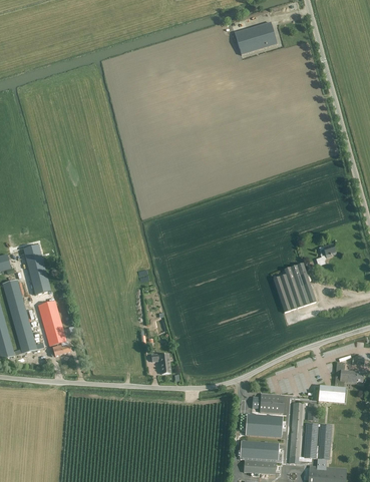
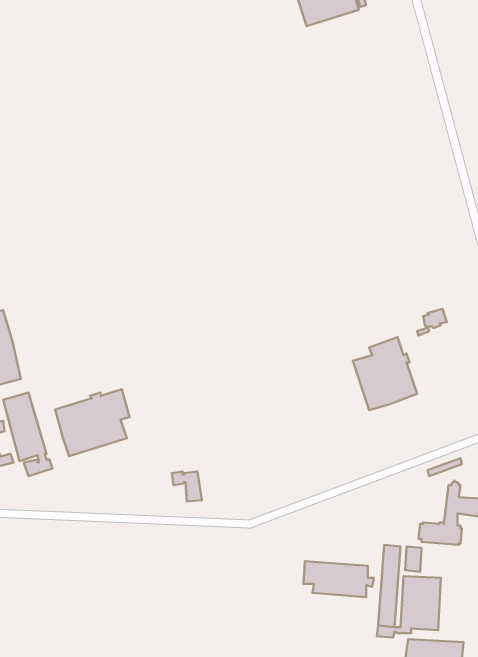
building: none -> [55,389,130,456]
building: [260,393,285,413] -> none
building: [238,439,282,473] -> none

